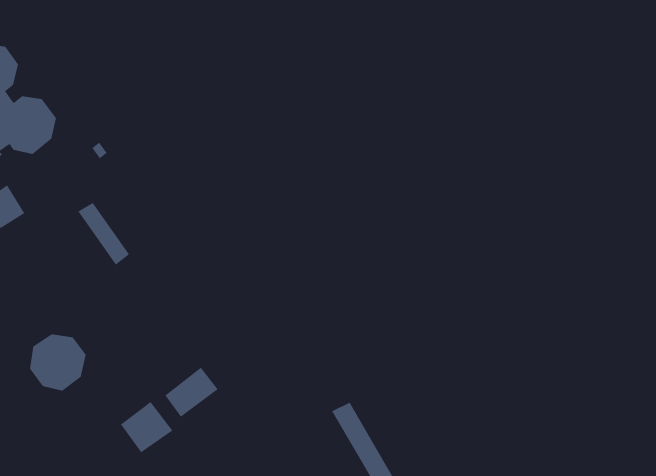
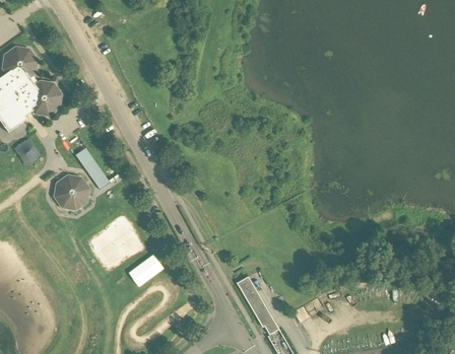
building: [29,334,86,391] -> [53,174,89,211]
building: [120,401,173,453] -> none

